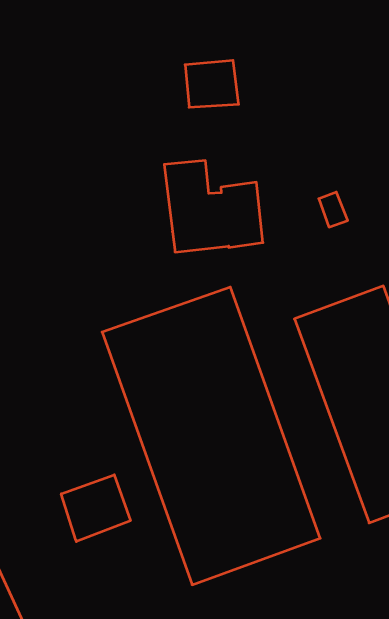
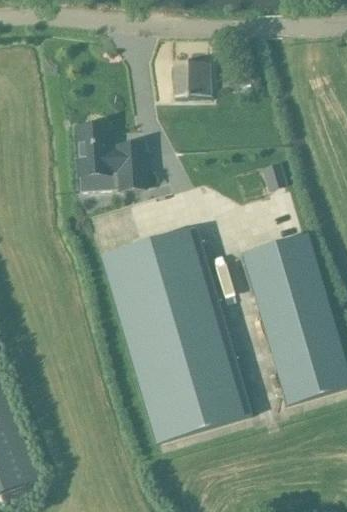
building: [164,161,263,252] -> [76,125,144,190]
building: [61,475,130,542] -> none

